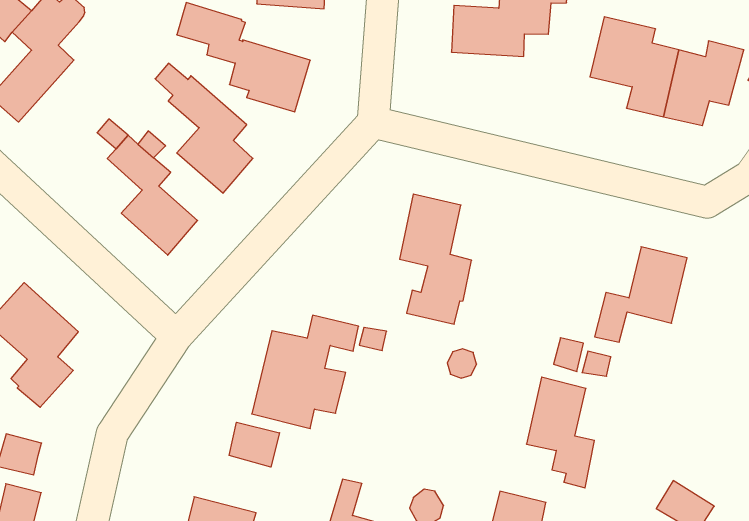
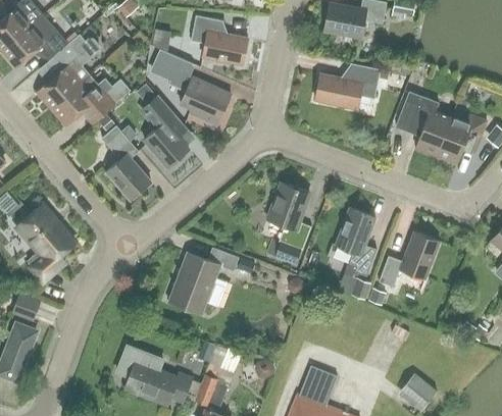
building: none -> [51,76,131,125]
building: [526,377,594,488] -> [335,207,375,276]
building: [229,422,280,467] -> none

